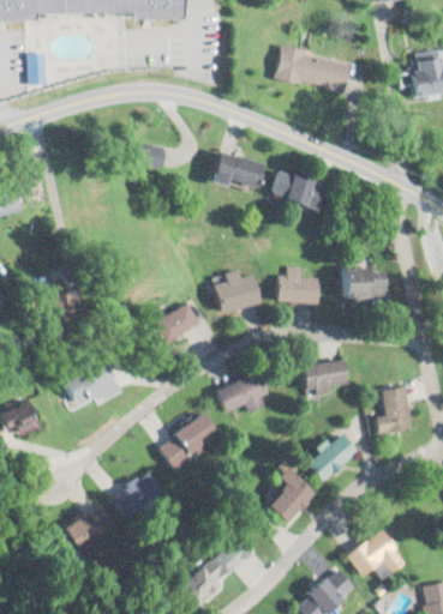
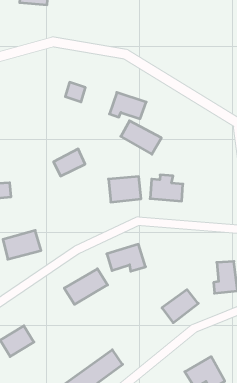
building: [273,47,348,91] -> none
building: [268,167,328,213] -> [121,121,161,154]
building: [340,266,390,299] -> none
building: [149,302,196,344] -> [54,149,85,176]
building: [301,359,353,393] -> none
building: [113,469,170,523] -> none
building: [265,474,315,523] -> none

